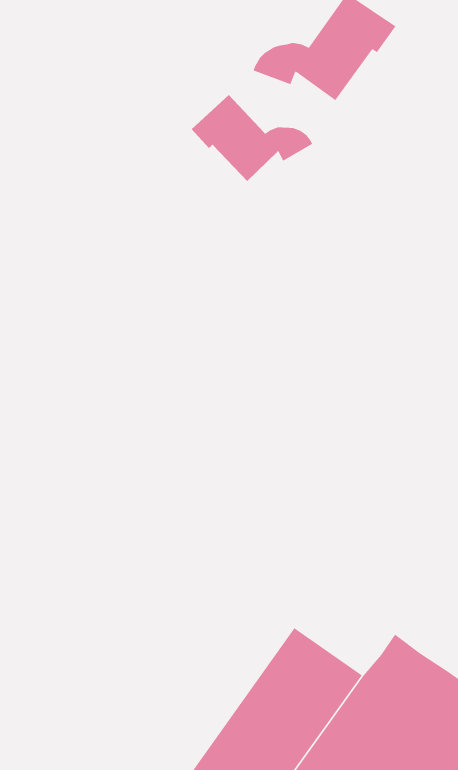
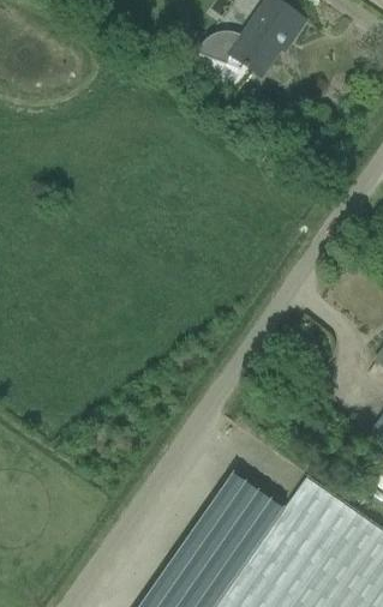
building: [191,94,313,182] -> none

